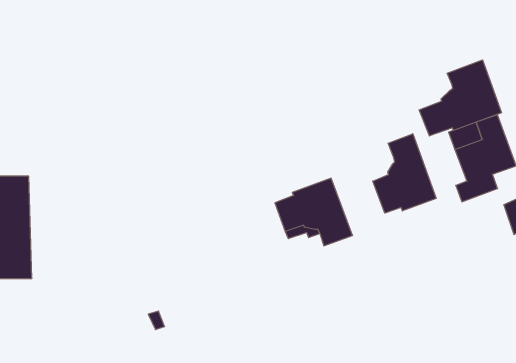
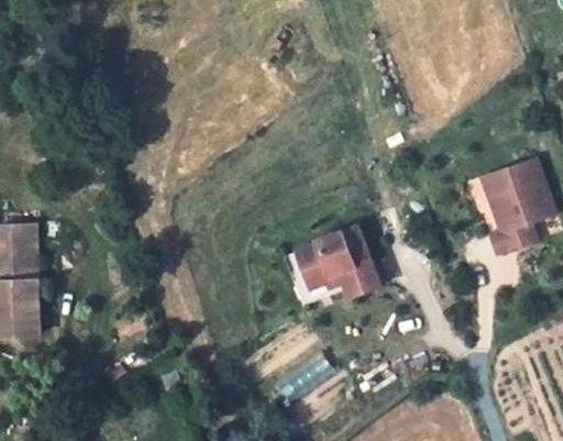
building: [419,60,502,136] -> none
building: [373,134,436,213] -> none

